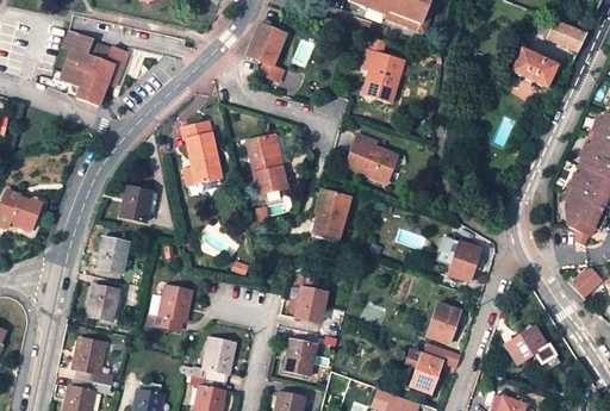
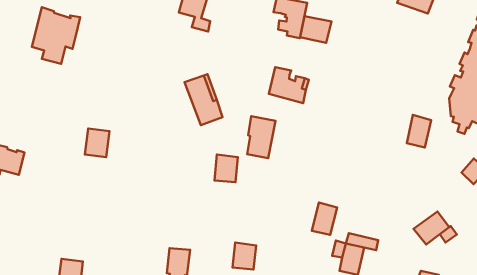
building: none -> [300,16,331,43]
building: [180,124,219,185] -> none
building: [97,237,127,274] -> none
building: [449,241,481,281] -> [407,115,431,147]
building: [147,285,189,329] -> none
building: [293,286,324,322] -> [214,154,238,182]
building: [86,287,117,322] -> none
building: [428,303,461,343] -> [312,202,337,235]

